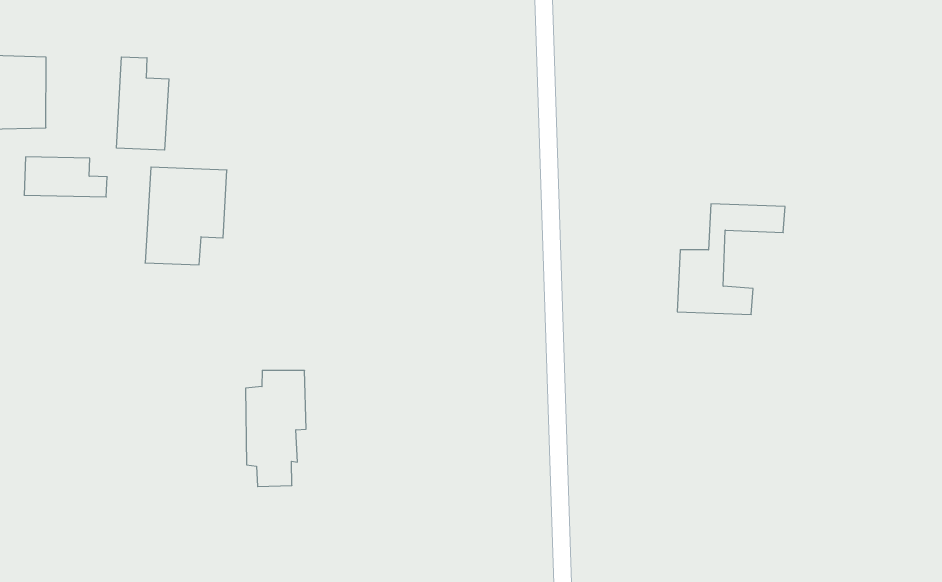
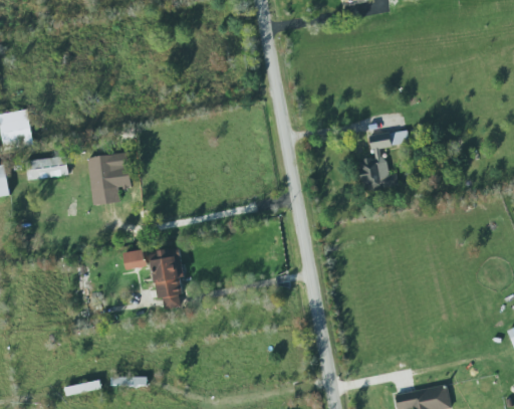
building: [117,57,169,150] -> none
building: none -> [123,248,149,269]

